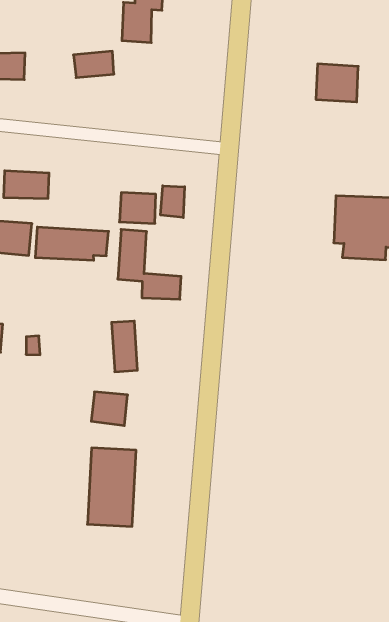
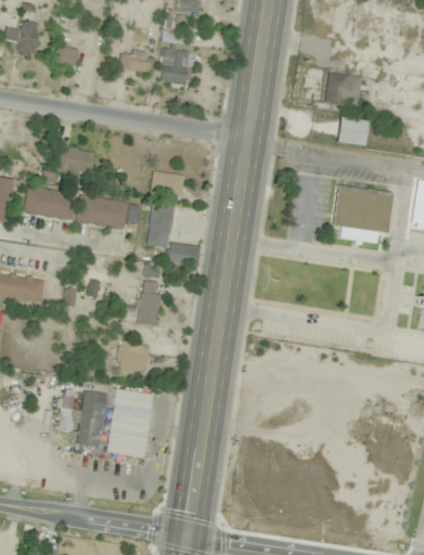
building: none -> [160,48,190,85]
building: none -> [337,117,368,144]
building: [161,186,185,218] -> none
building: none -> [59,390,106,447]

